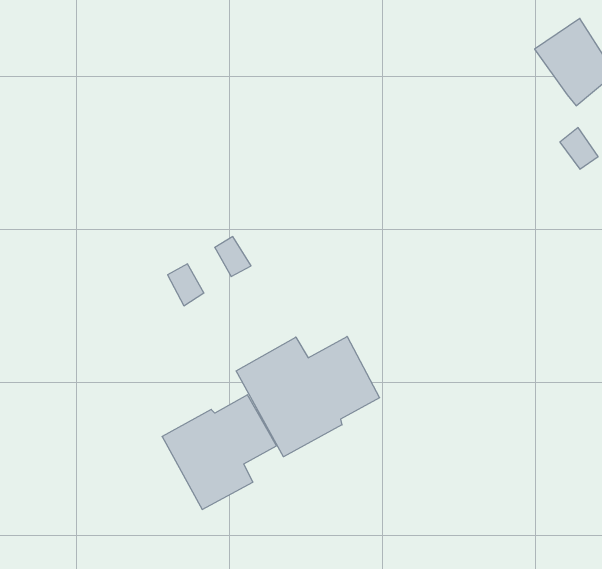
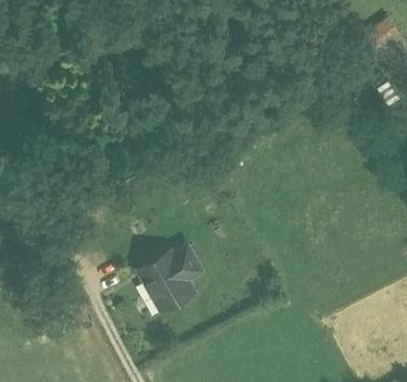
building: [236,336,380,457] -> none

